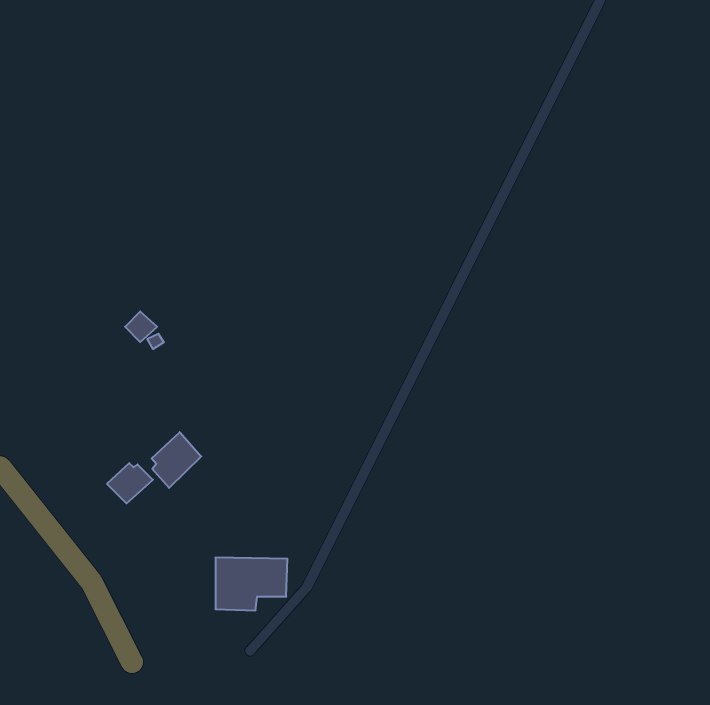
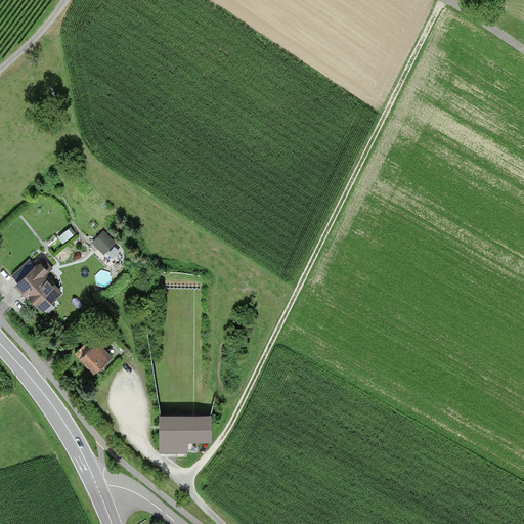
building: none -> [14,261,62,312]
building: [152,432,201,488] -> none

